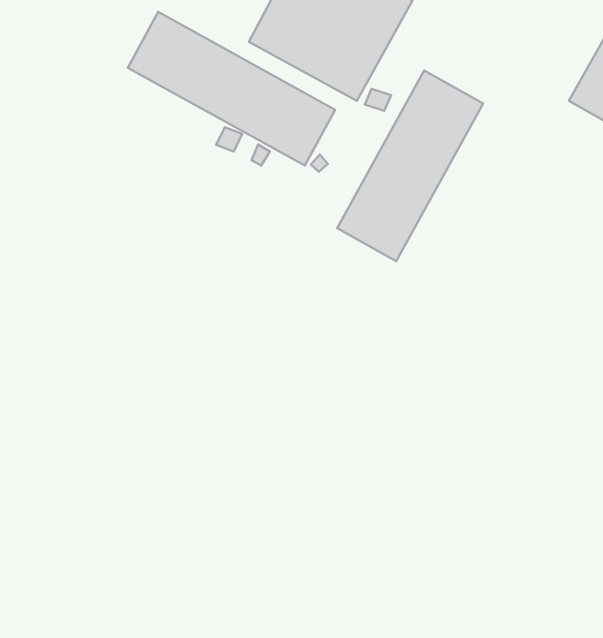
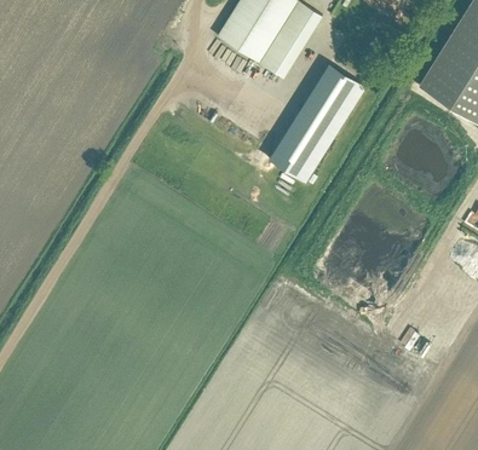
building: [128,12,335,166] -> none

